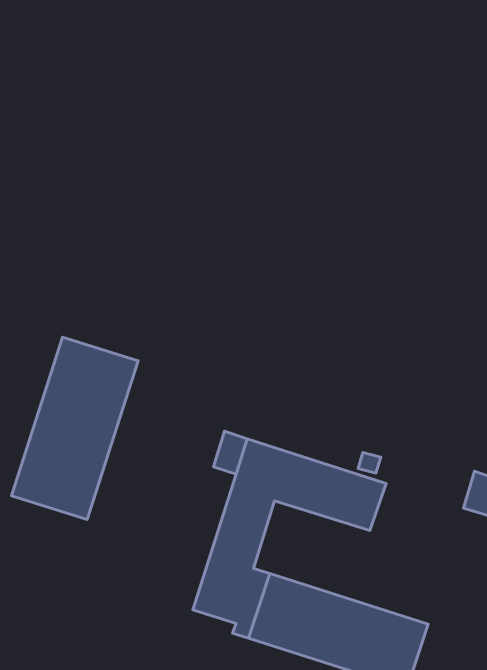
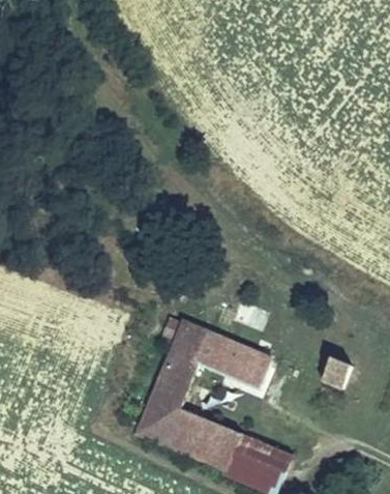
building: [12,337,138,520] -> none

